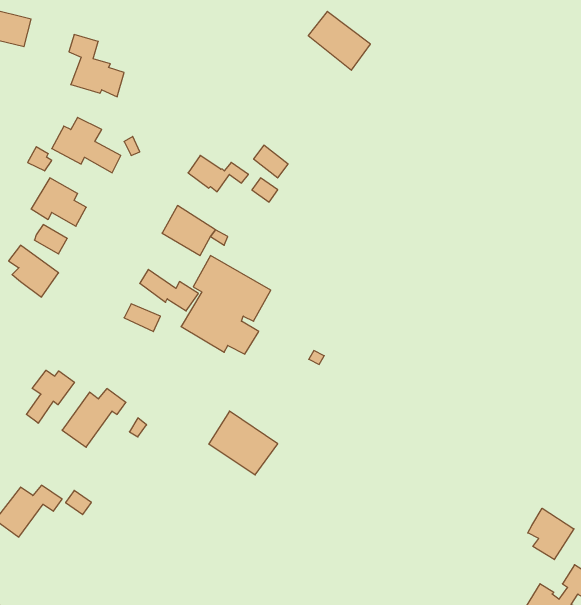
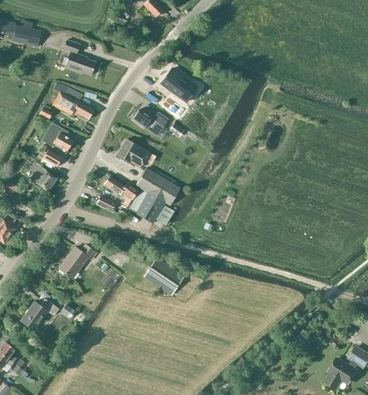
building: [308,11,370,70] -> [163,70,199,104]
building: [26,370,74,423] -> none
building: [528,508,574,560] -> none

